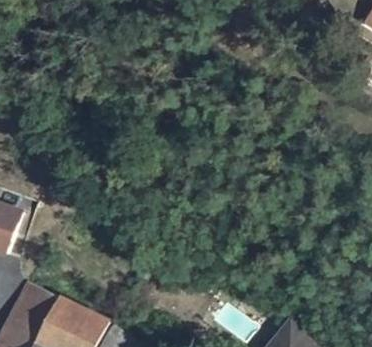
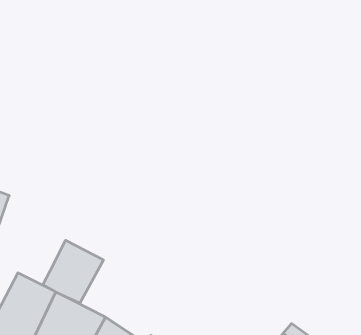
building: none -> [43,240,103,303]

